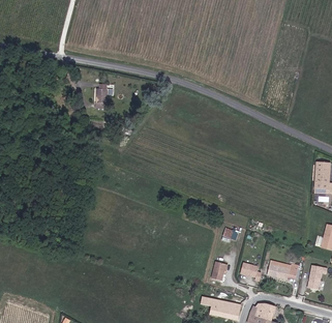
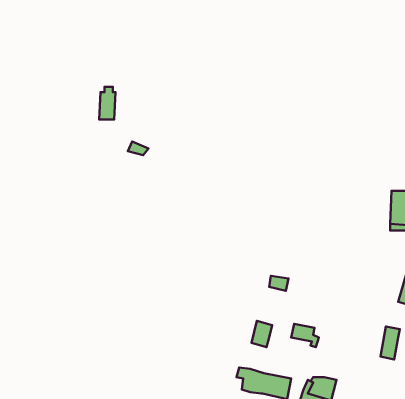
building: [268,261,299,280] -> none

